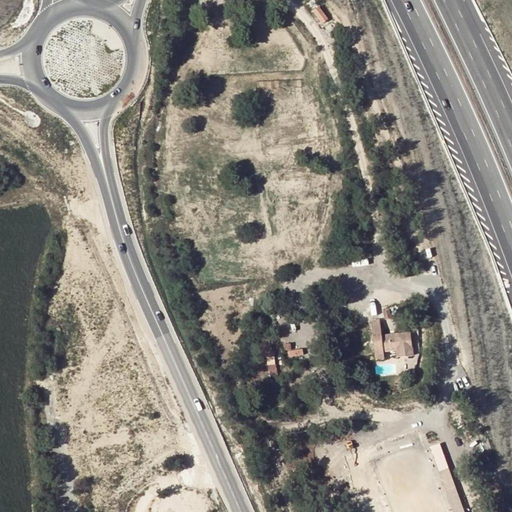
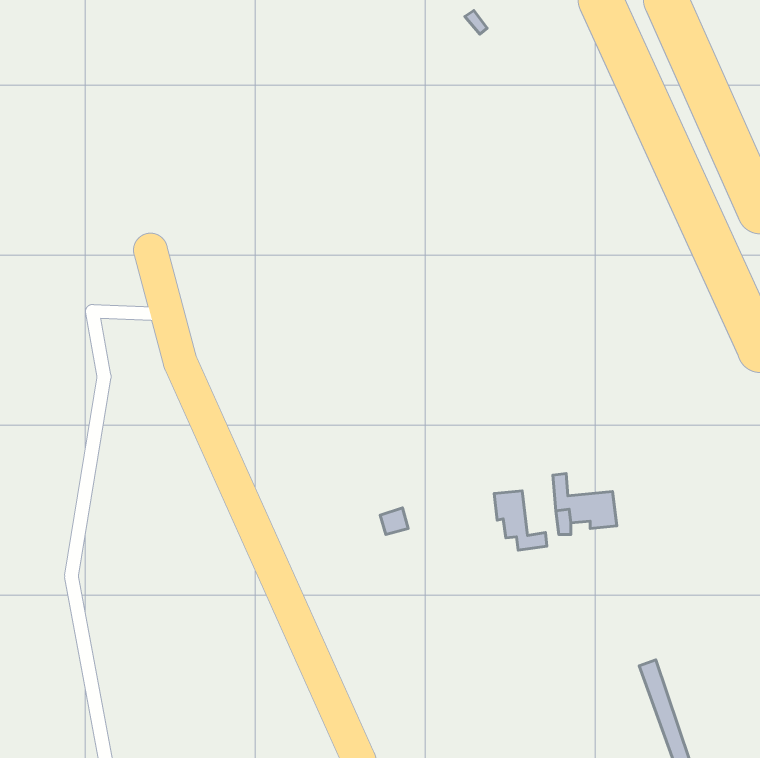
building: none -> [494,491,547,550]

